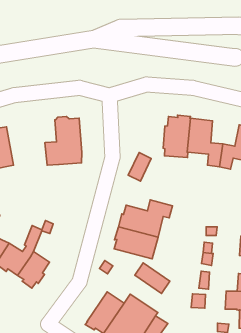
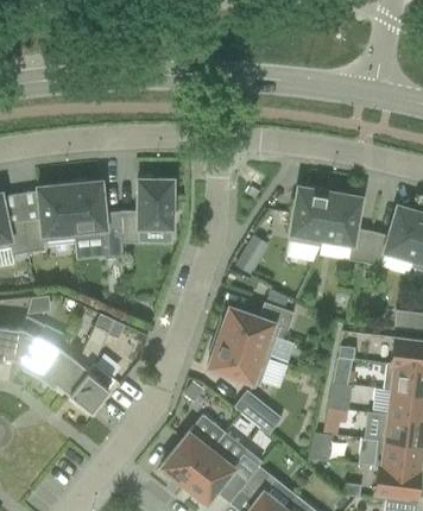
building: none -> [69,179,122,258]

